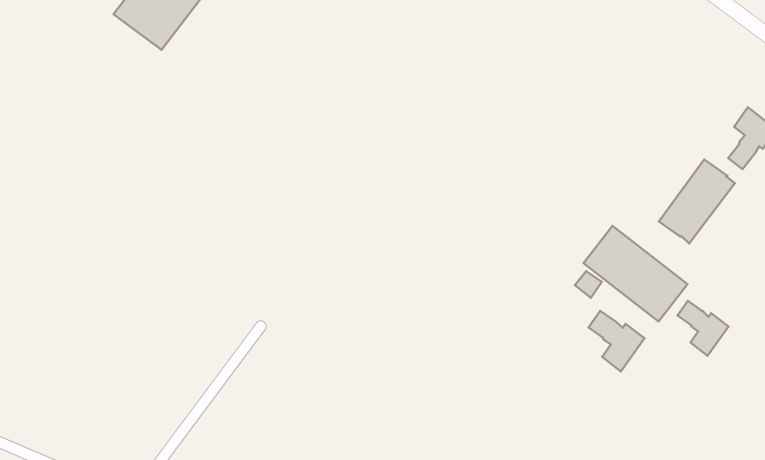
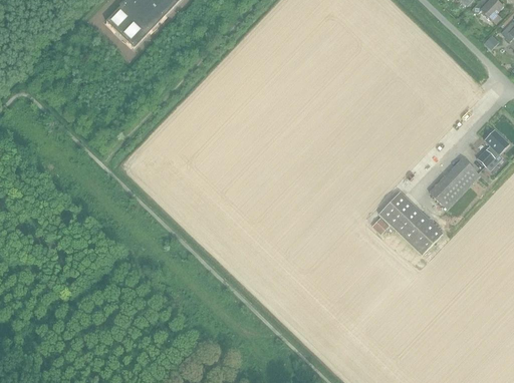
building: [678,301,729,356] -> none
building: [589,311,644,371] -> none

